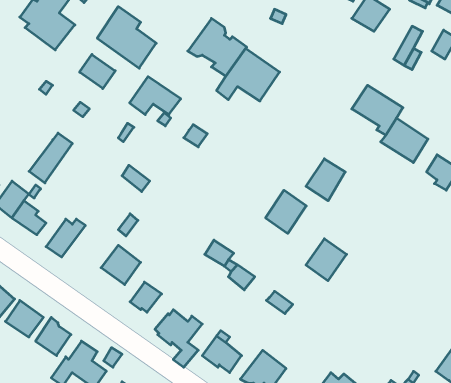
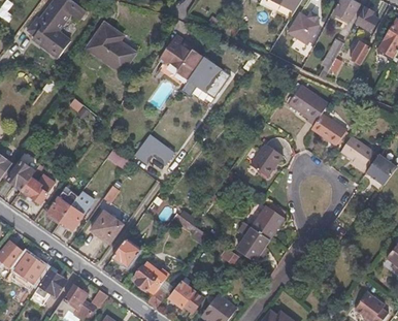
building: [80,54,115,89] -> none
building: [130,77,181,115] -> [135,134,175,164]
building: [29,133,72,183] -> [60,190,94,229]
building: [266,190,306,233] -> [237,226,269,260]

